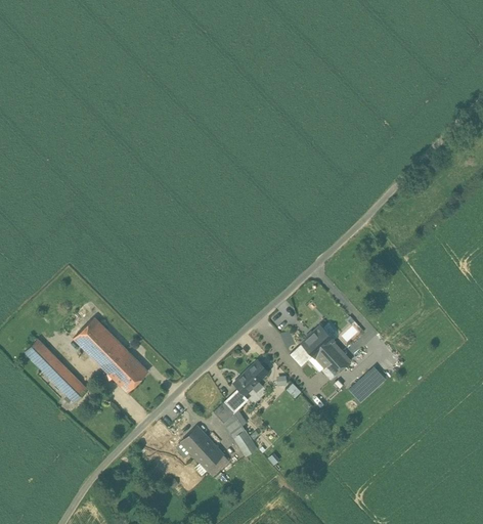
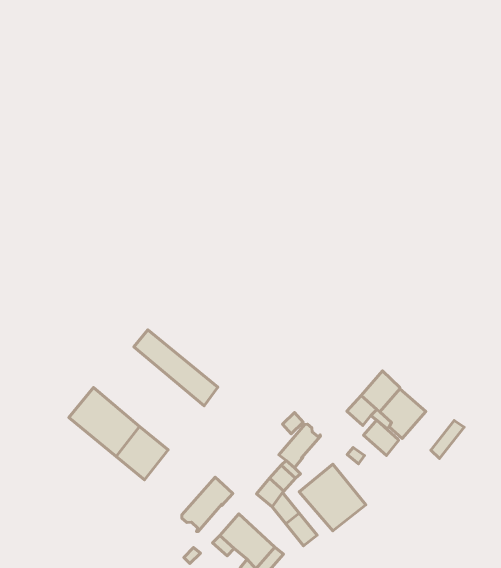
building: [26,339,88,402] -> [134,330,218,406]
building: none -> [364,420,398,456]
building: none -> [299,464,366,531]
building: none -> [182,477,233,532]

